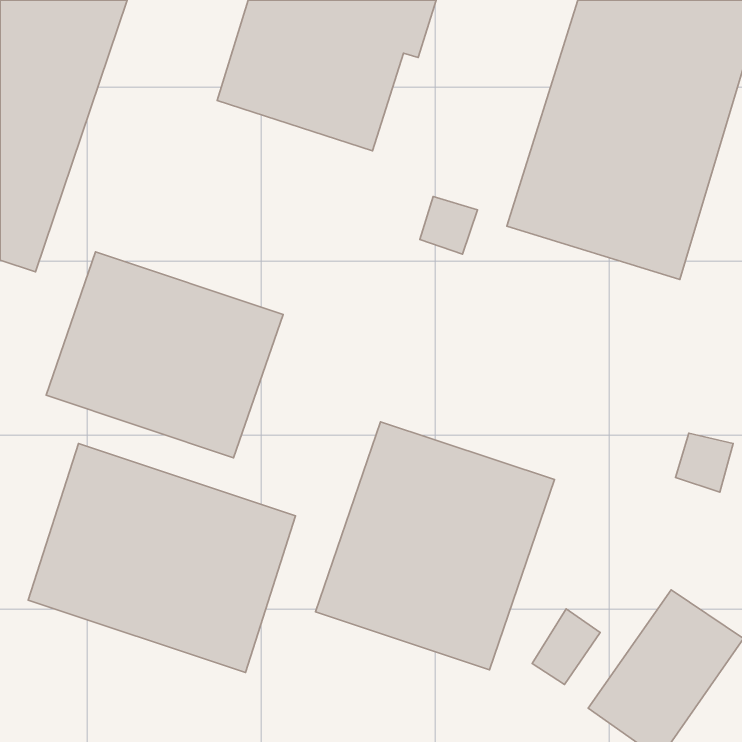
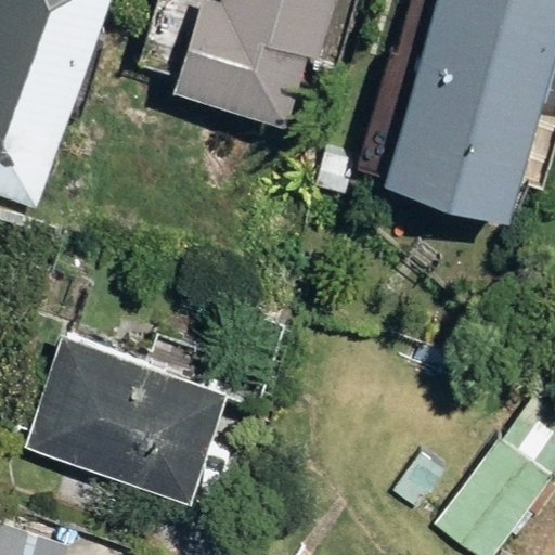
building: [46,252,283,458] -> none
building: [316,422,554,670] -> none

